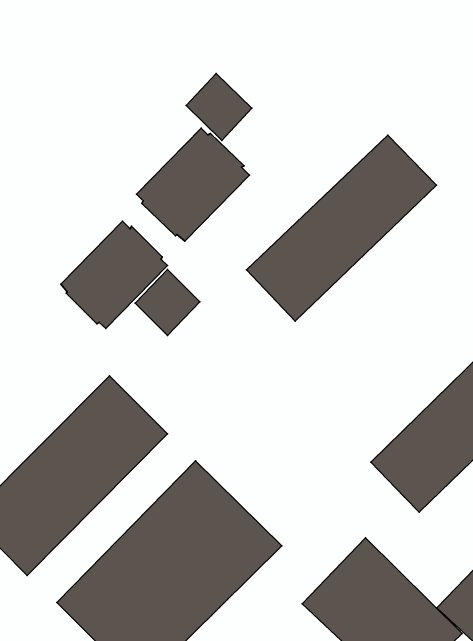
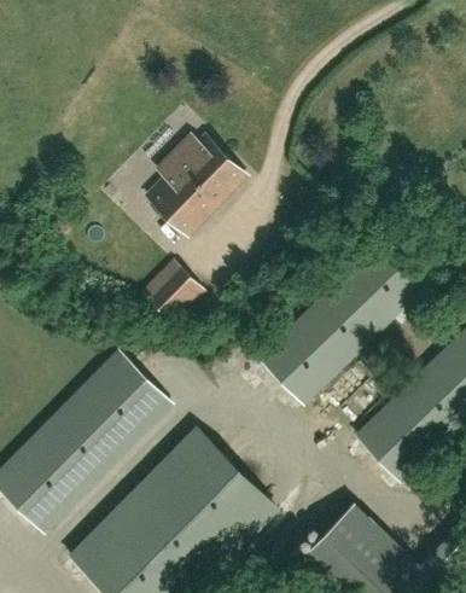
building: [186,73,252,141] -> none
building: [247,135,436,321] -> [255,232,425,399]
building: [61,221,167,329] -> none

